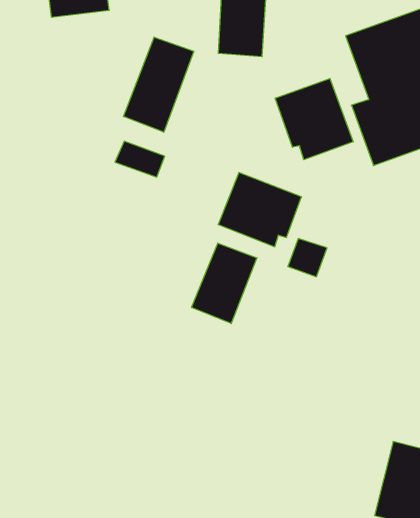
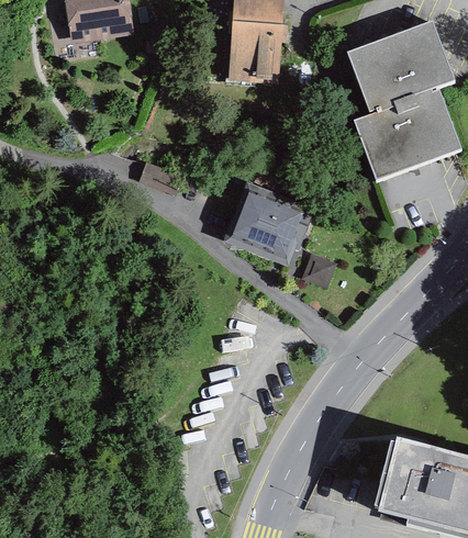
building: [123,37,194,132] -> none
building: [275,78,353,160] -> none
building: [192,243,257,324] -> none

